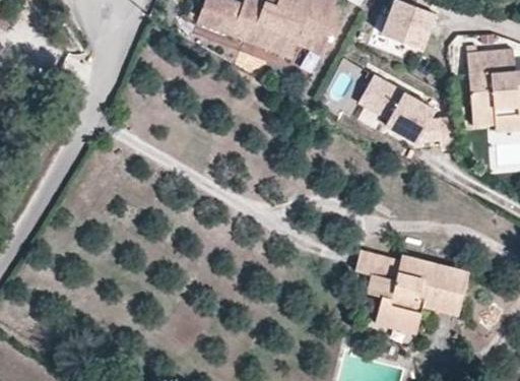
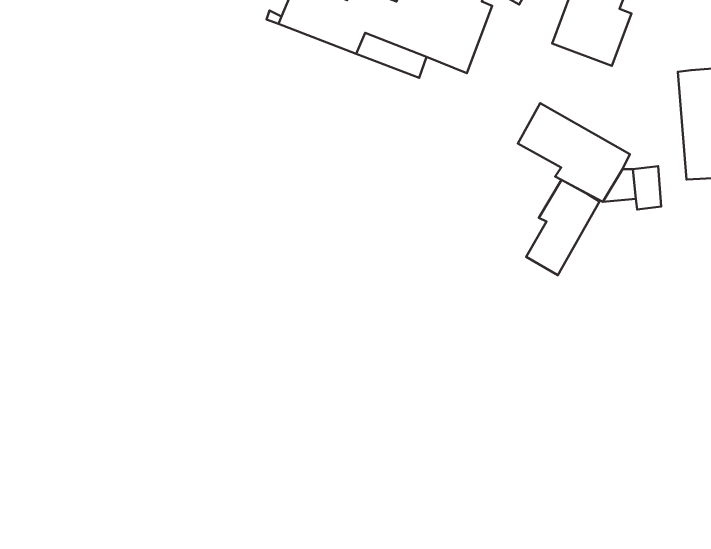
building: none -> [526,180,599,275]
building: [354,252,469,330] -> none

